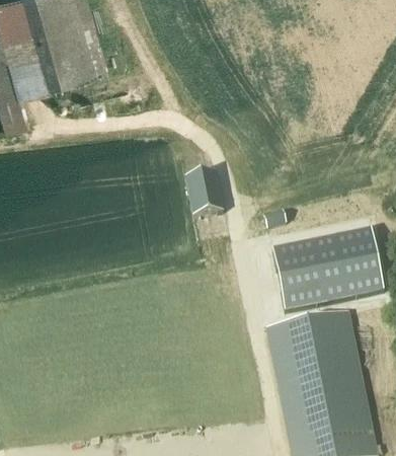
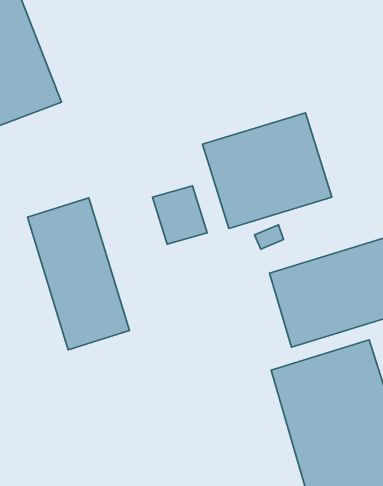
building: none -> [203,113,332,229]
building: none -> [27,198,130,350]

